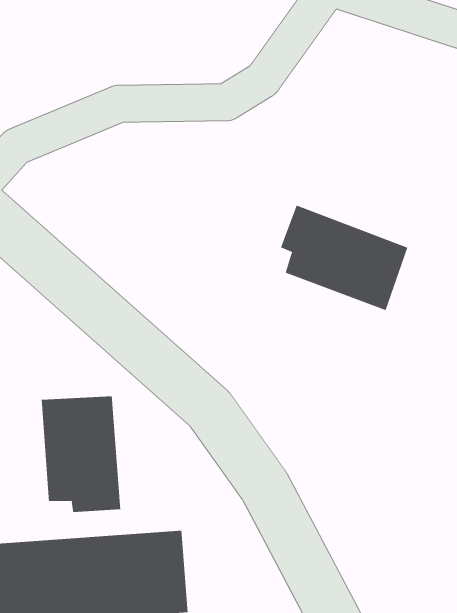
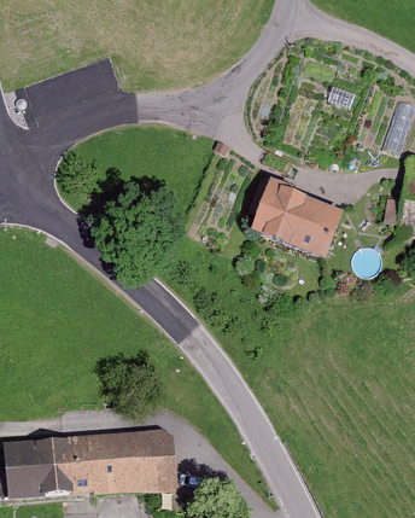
building: [41,395,121,513] -> none

